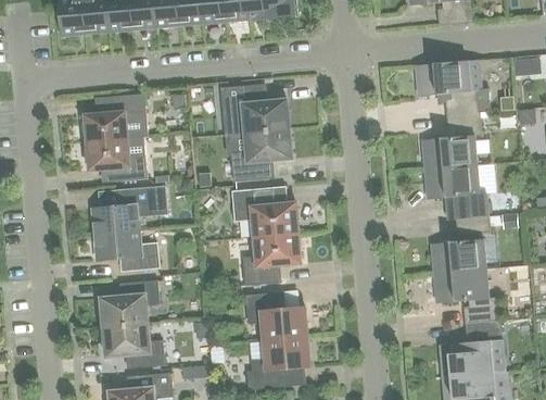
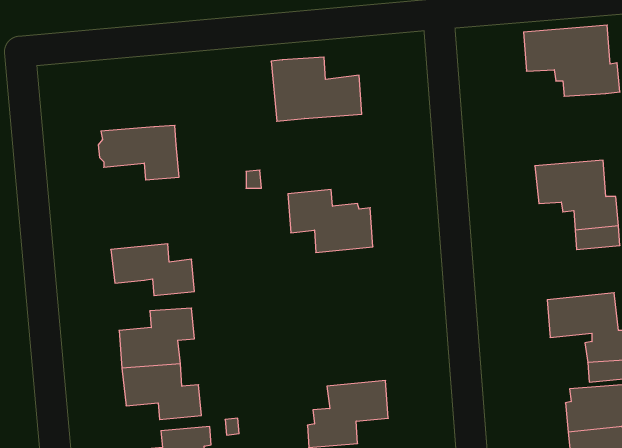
building: [81,93,148,142] -> none
building: [421,113,481,170] -> none
building: [232,129,292,182] -> none
building: [91,186,167,235] -> none
building: [241,233,301,286] -> none
building: [430,239,485,274] -> none
building: [244,292,307,341] -> none

